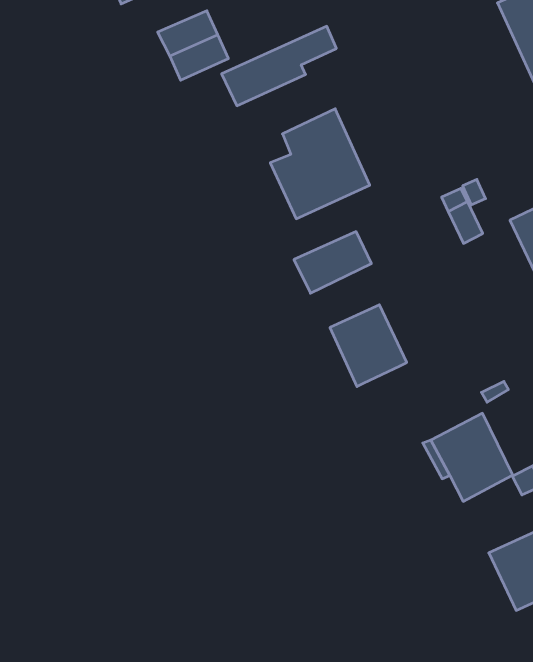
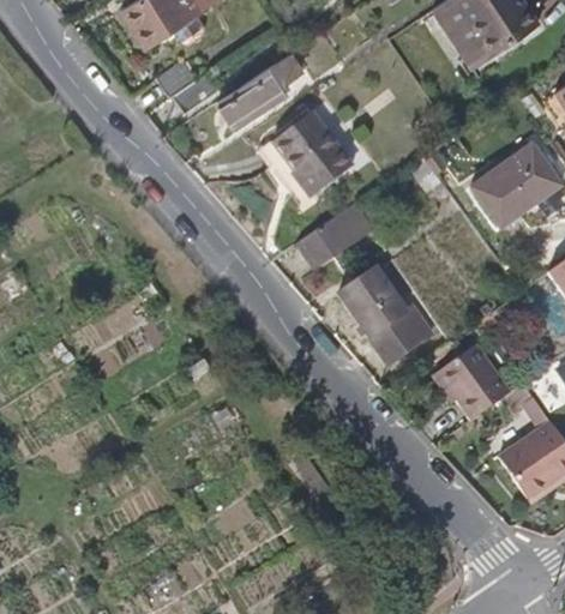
building: none -> [374,306,434,361]

